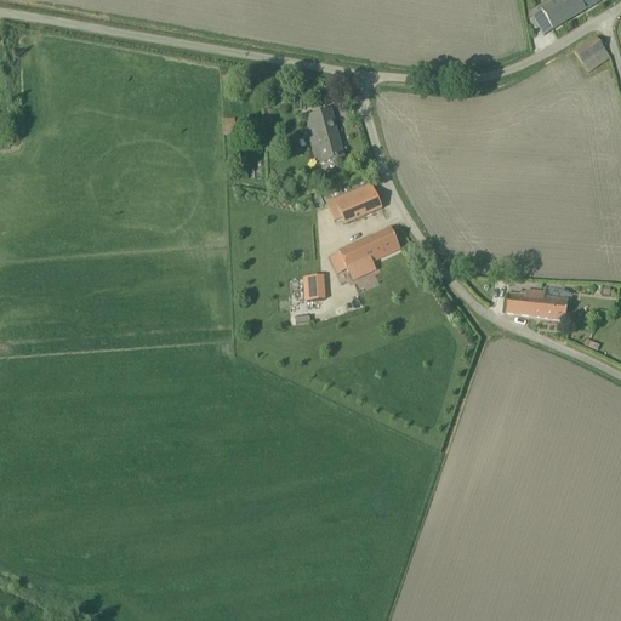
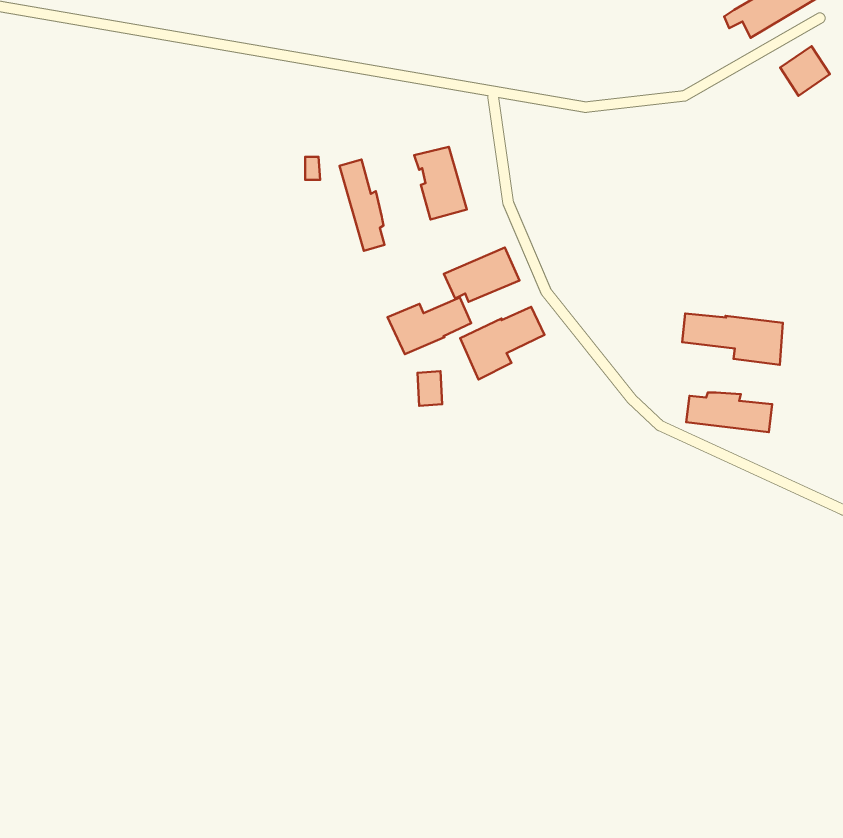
building: none -> [340,160,385,251]
building: none -> [387,297,471,354]
building: none -> [682,313,783,365]

